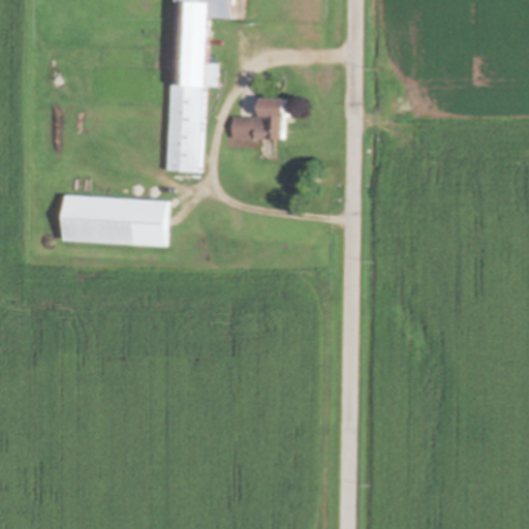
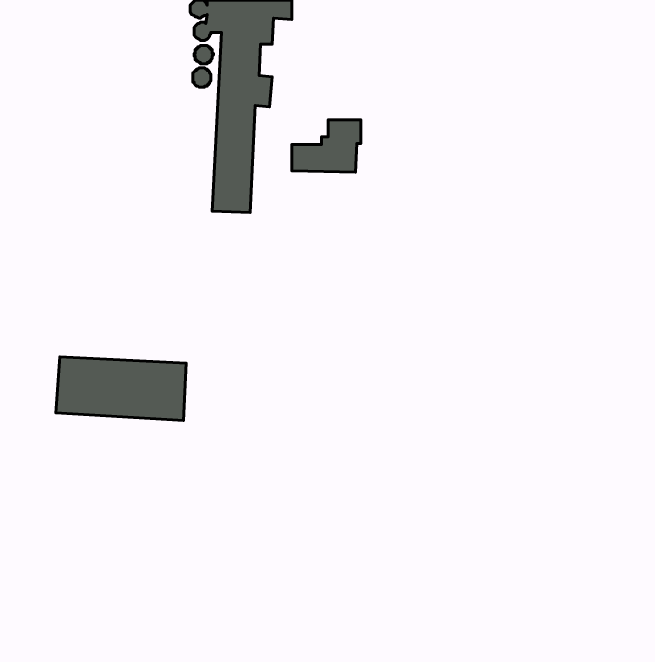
building: [63,196,166,247] -> [56,357,186,421]

